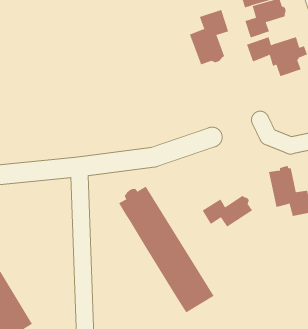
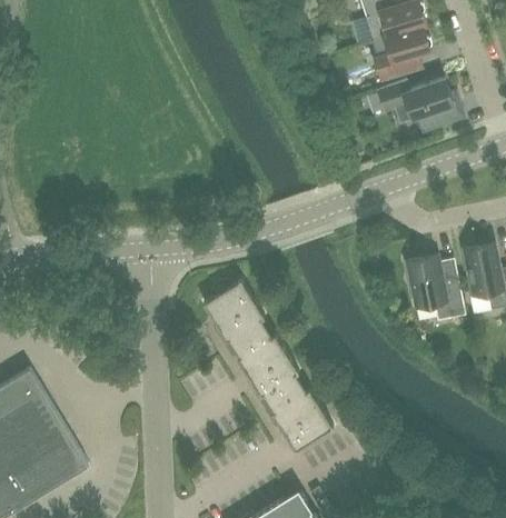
building: [189,9,229,68] -> none
building: [202,195,255,228] -> none

